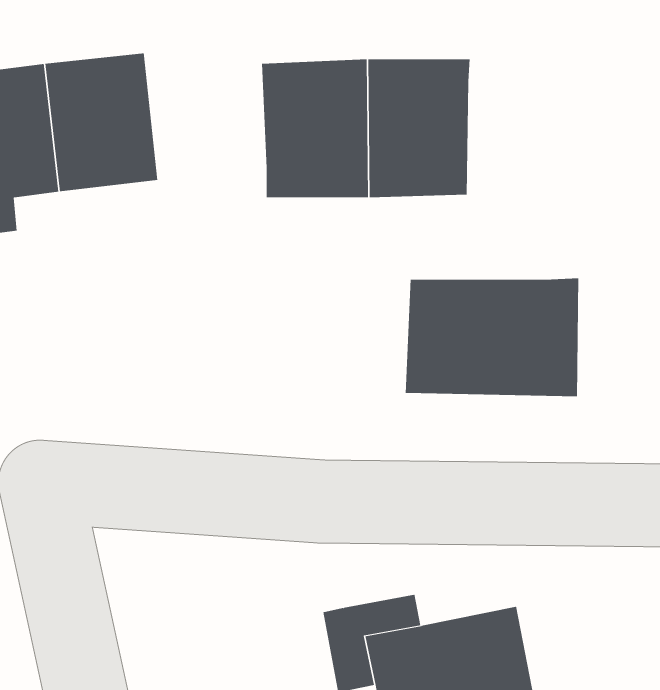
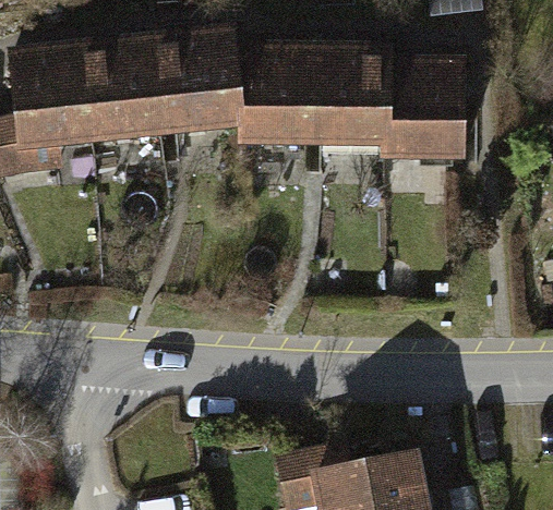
building: none -> [145,33,233,135]
building: none -> [380,63,462,167]
building: [405,278,579,397] -> none

